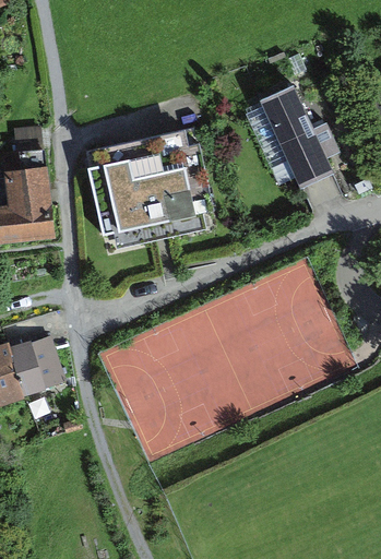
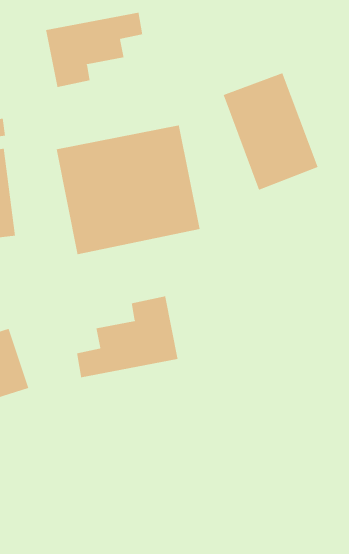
building: none -> [46,12,143,88]
building: none -> [76,296,178,378]

